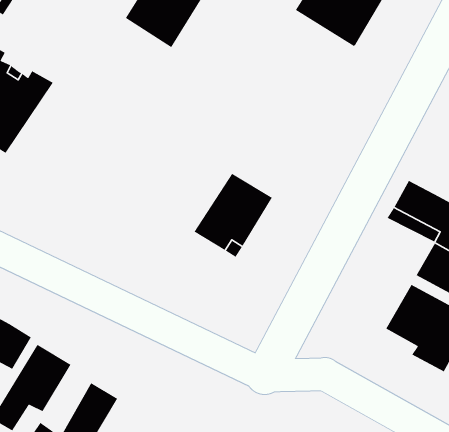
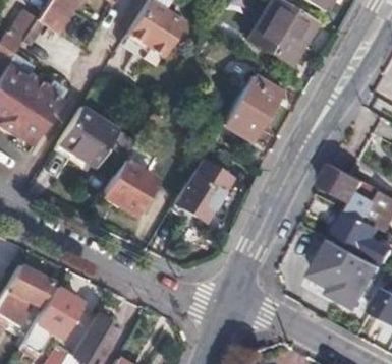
building: none -> [223,76,281,140]
building: none -> [57,108,119,168]
building: none -> [102,147,155,216]

